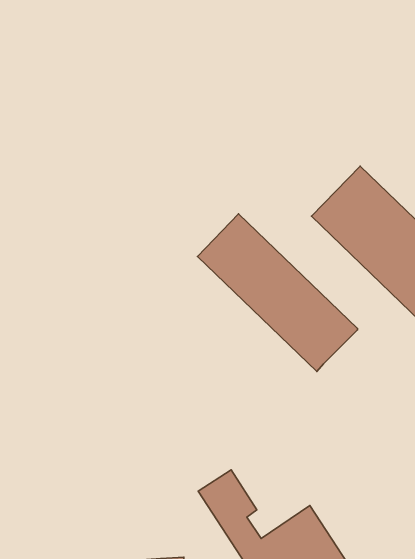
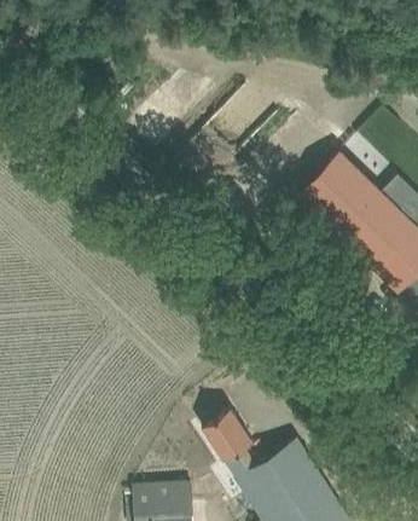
building: [198,214,358,371] -> none

